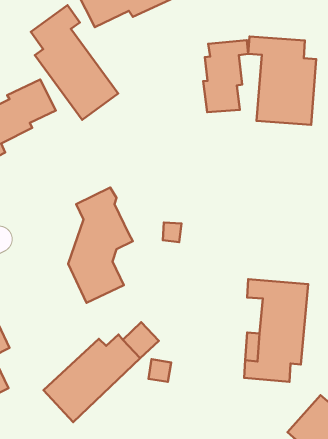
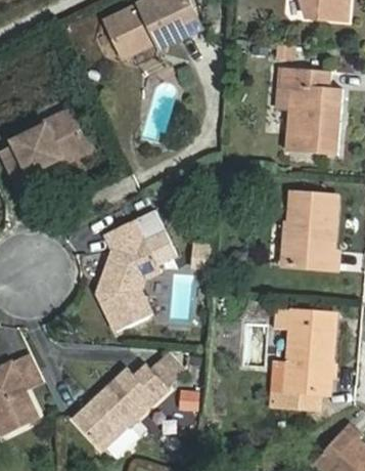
building: [31,5,118,120] -> none
building: [203,40,248,112] -> none
building: none -> [281,192,336,268]
building: none -> [138,210,175,263]

